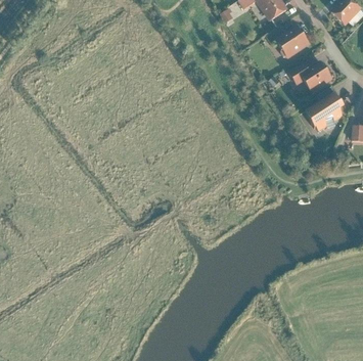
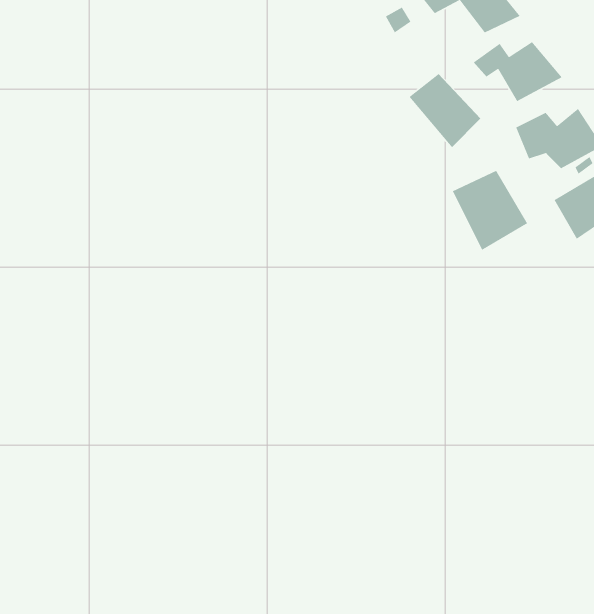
building: none -> [409,73,481,148]
building: none -> [452,170,528,251]

